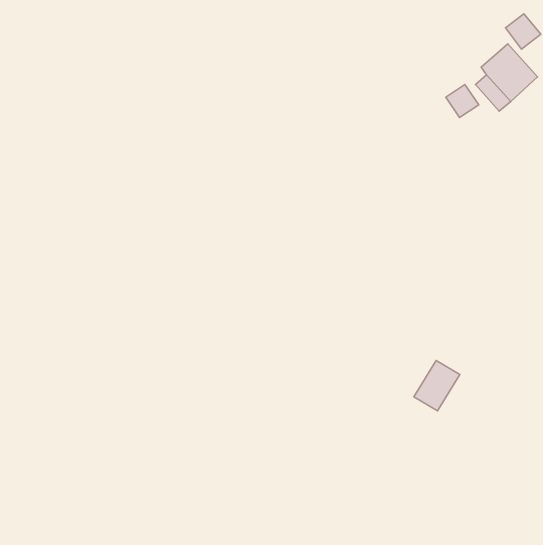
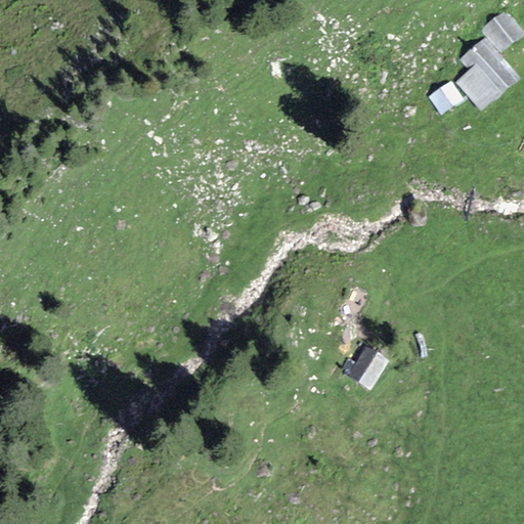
building: [414,360,460,411] -> [346,346,390,394]

